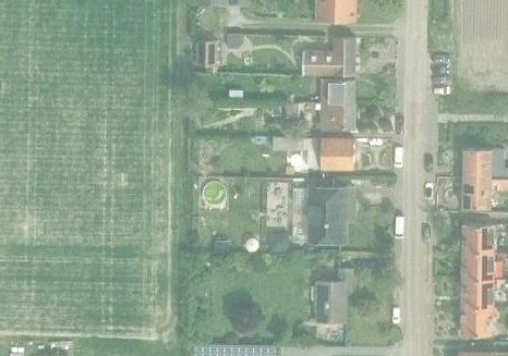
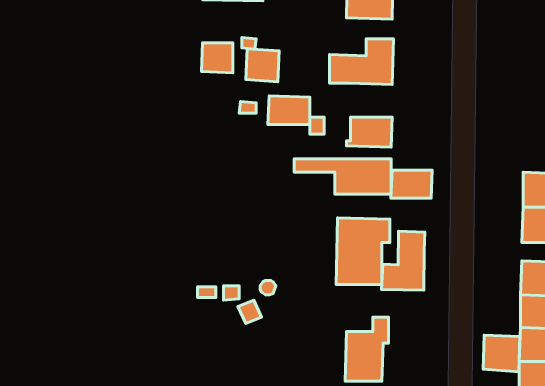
building: none -> [246,49,279,82]
building: [319,78,354,102] -> [268,96,310,125]
building: none -> [391,170,432,198]
building: none -> [382,231,425,290]
building: none -> [483,335,520,372]

